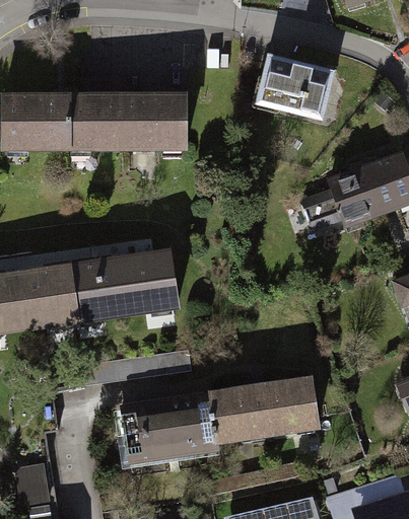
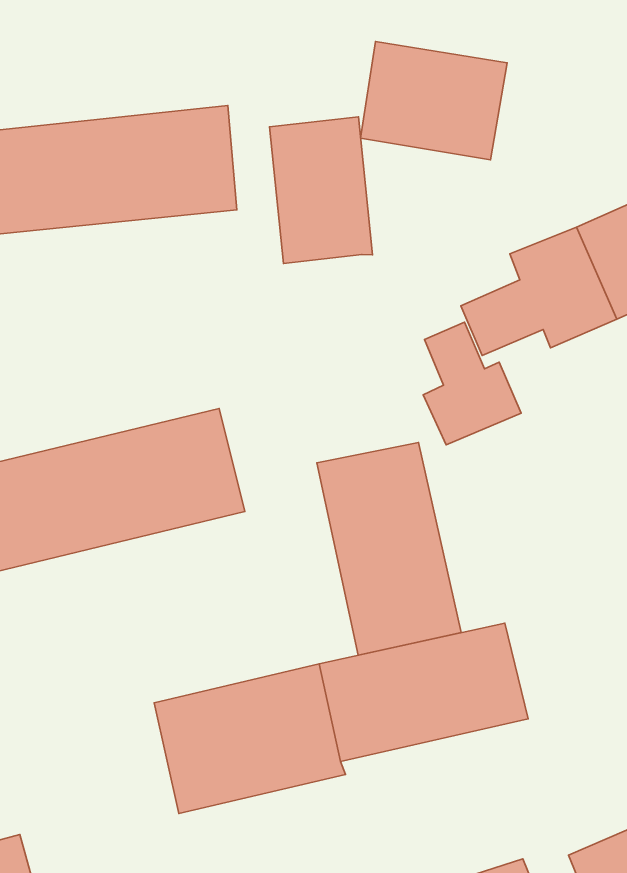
building: none -> [269,117,373,264]
building: none -> [423,322,521,445]
building: none -> [317,442,461,655]

